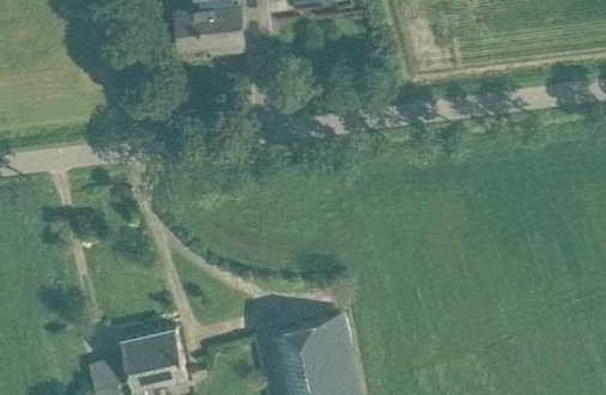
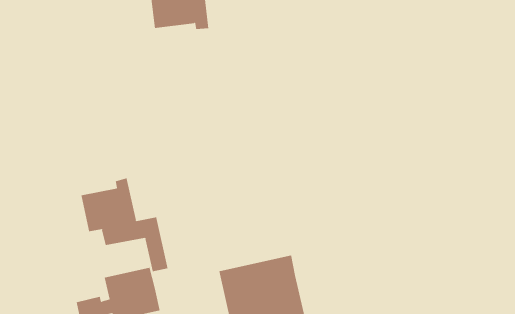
building: none -> [81,178,168,272]

